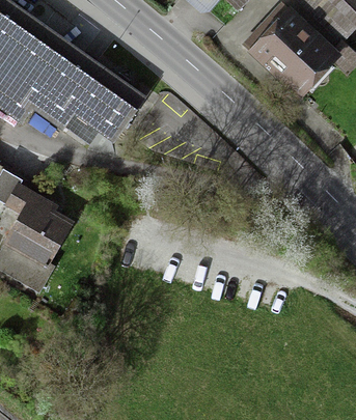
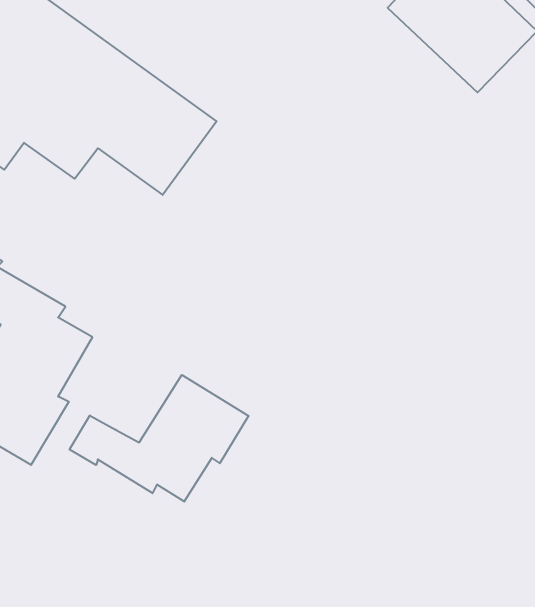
building: none -> [70,375,248,502]

